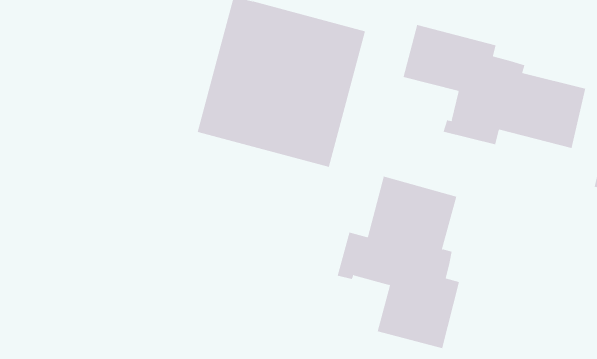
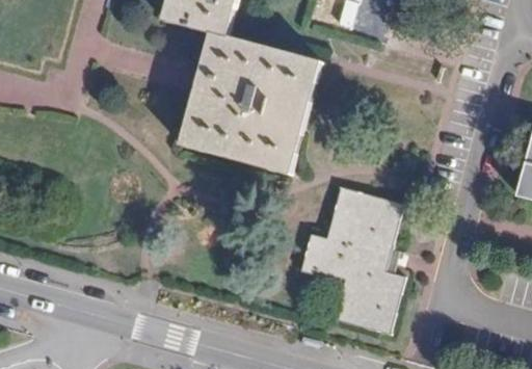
building: [403,24,586,149] -> none

